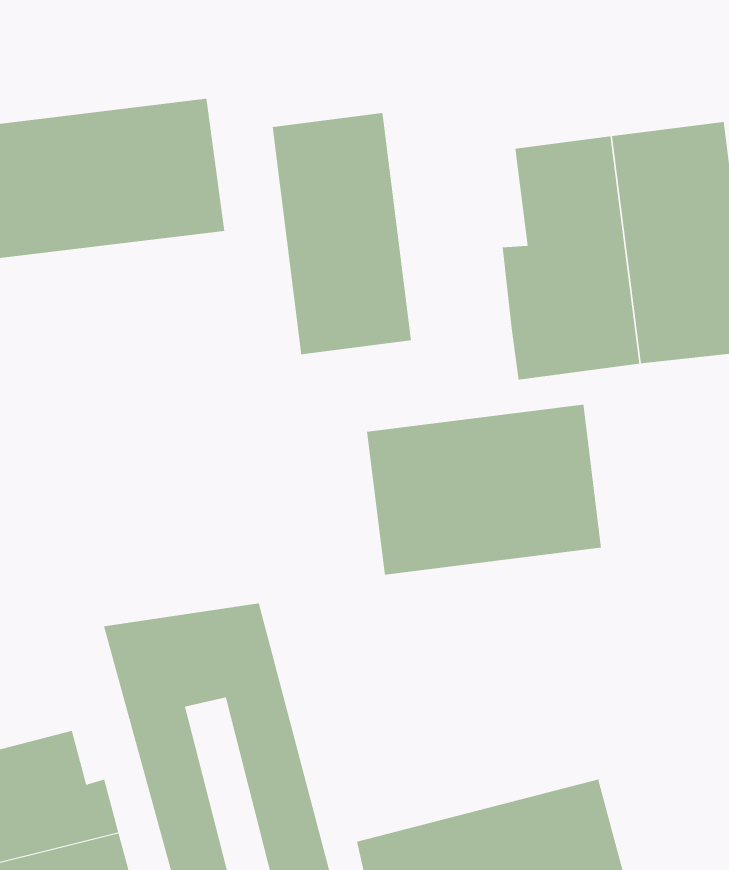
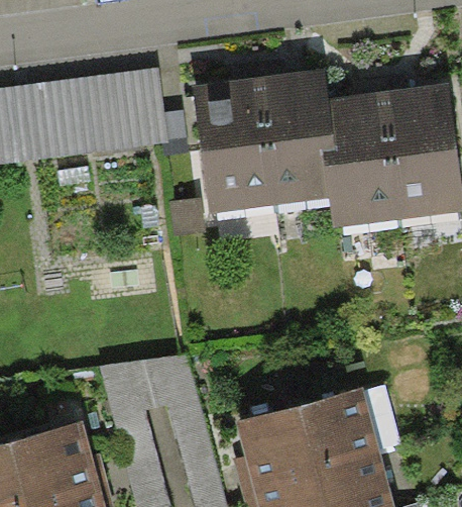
building: none -> [256,69,337,205]
building: [367,404,602,575] -> none
building: none -> [233,390,377,487]

